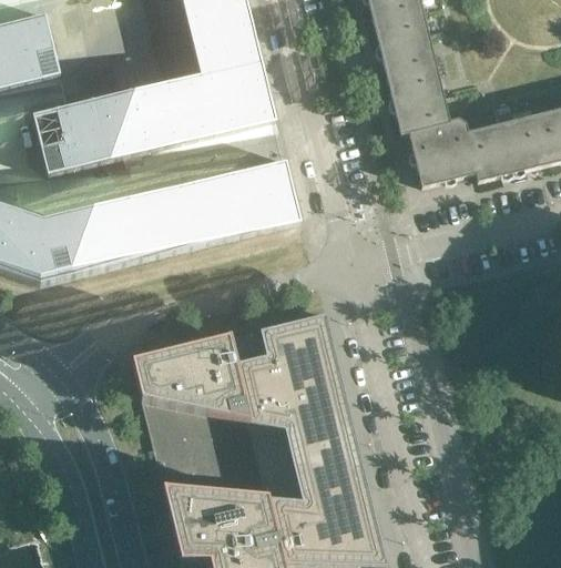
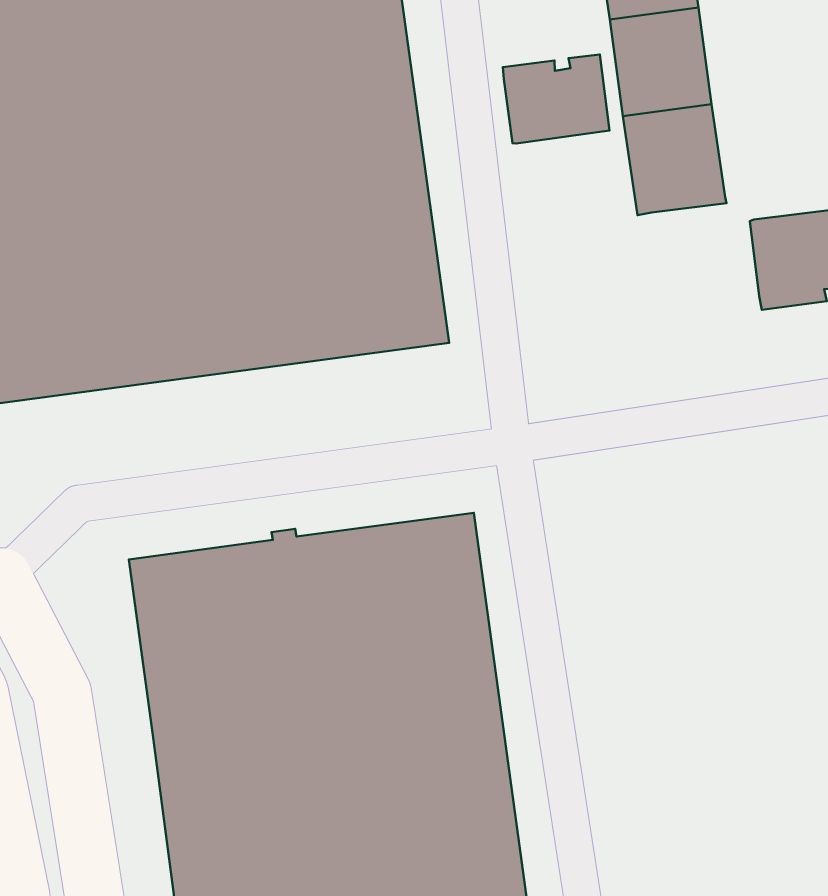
building: none -> [503,54,610,144]
building: [407,116,473,186] -> none

